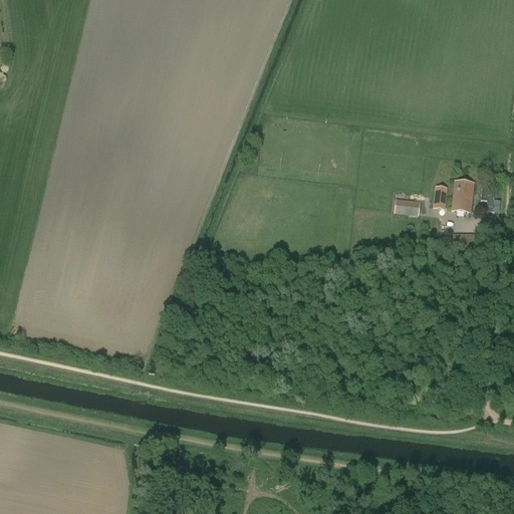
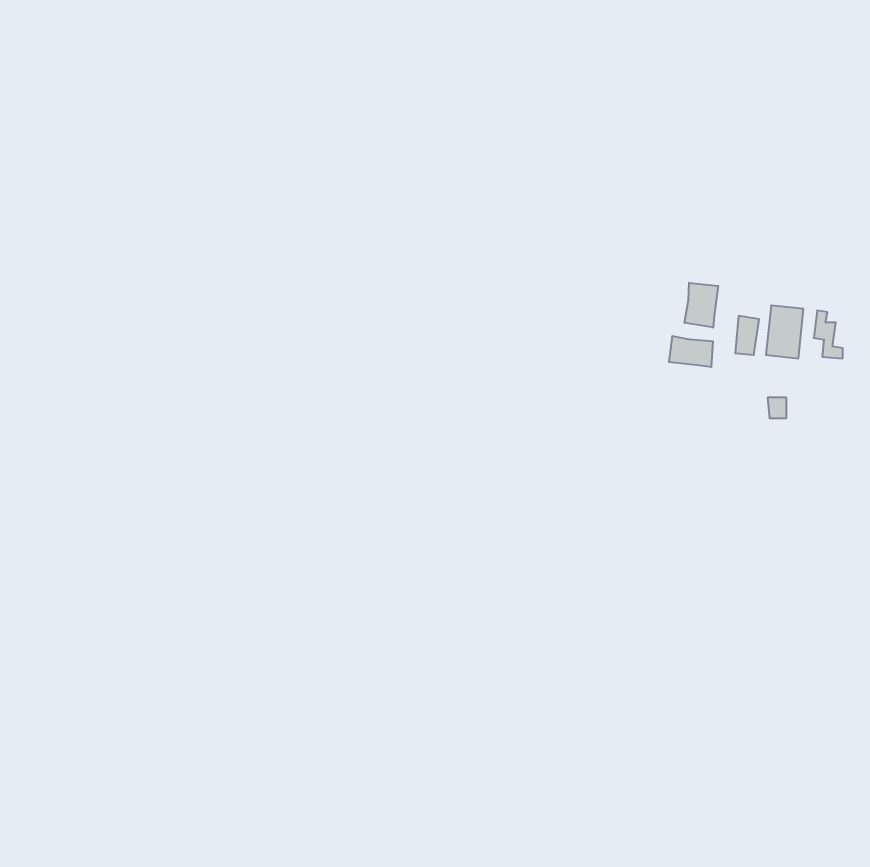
building: none -> [685,283,718,328]

